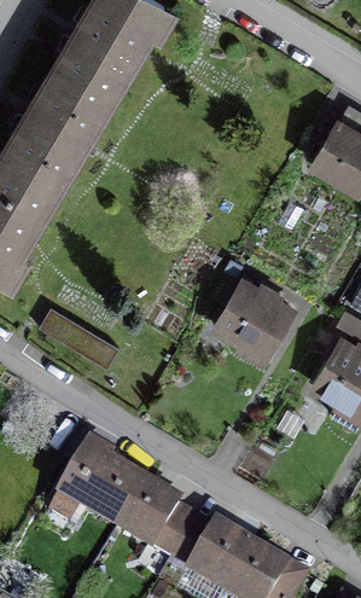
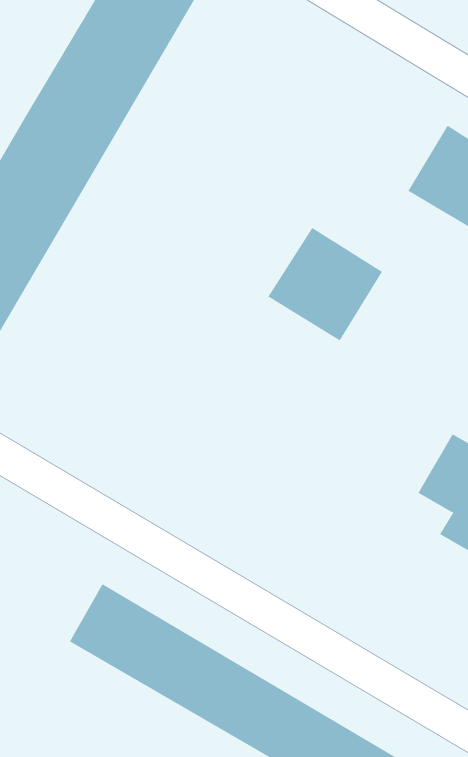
building: [210,278,295,361] -> [267,227,383,341]
building: [48,310,121,370] -> none

